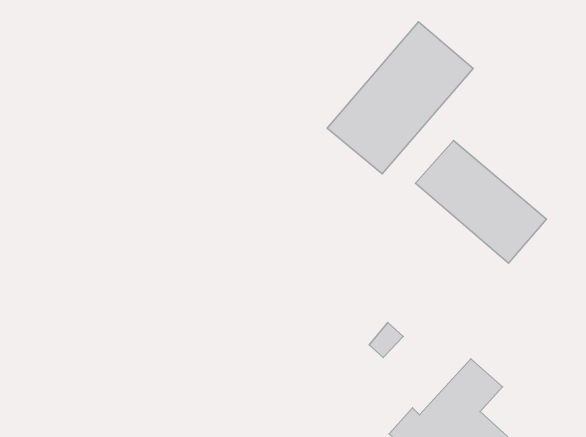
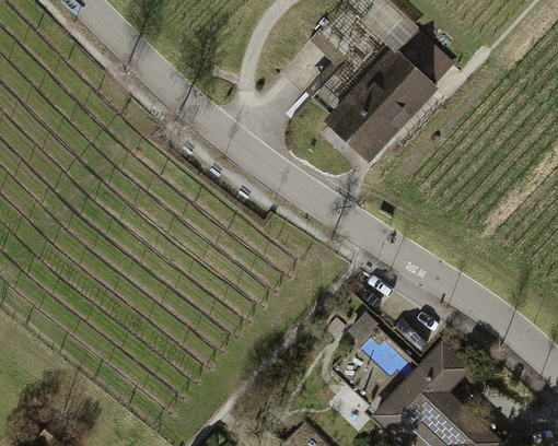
building: [416,140,546,263] -> none

